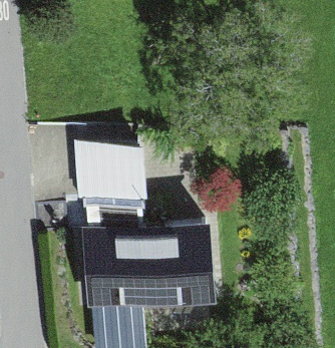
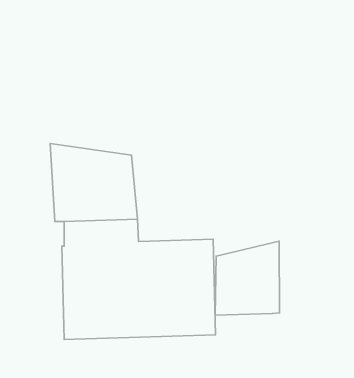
building: none -> [215,241,280,315]

